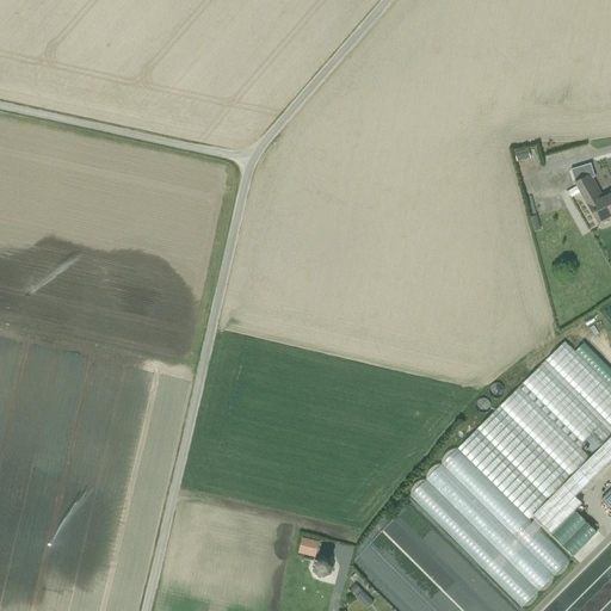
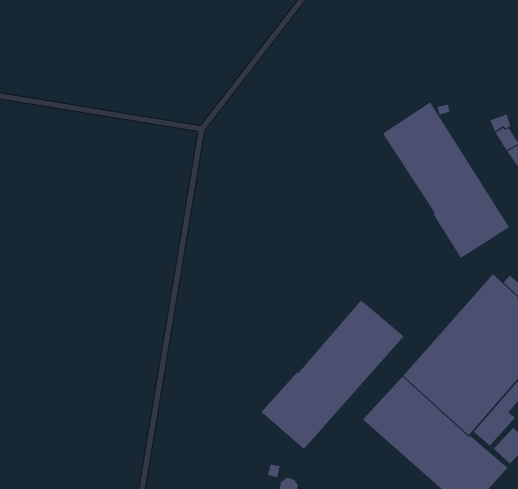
building: none -> [382,101,510,259]
building: none -> [261,299,405,450]

